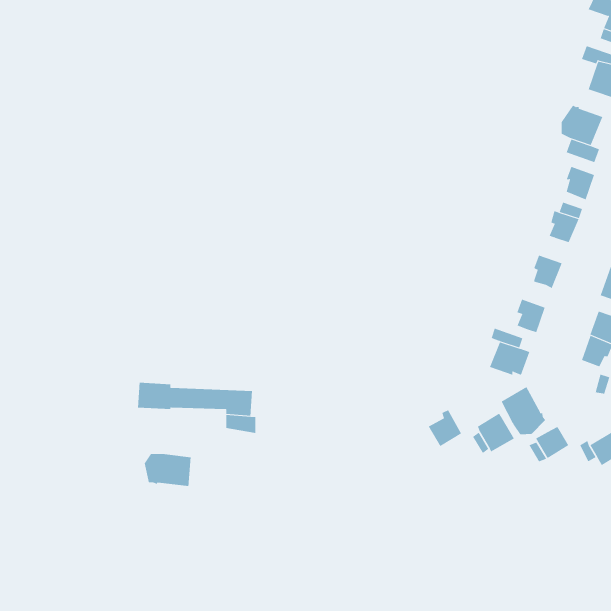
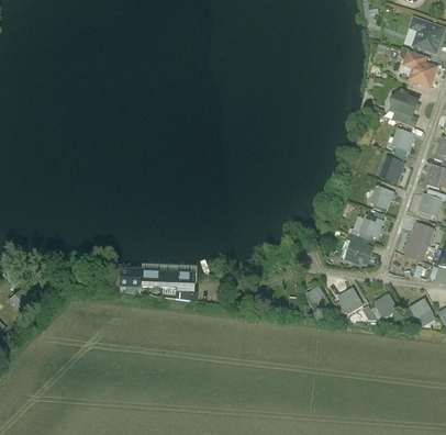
building: [501,386,546,435] -> none
building: [144,453,191,487] -> none

